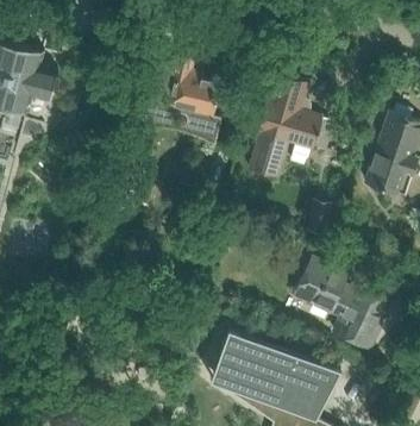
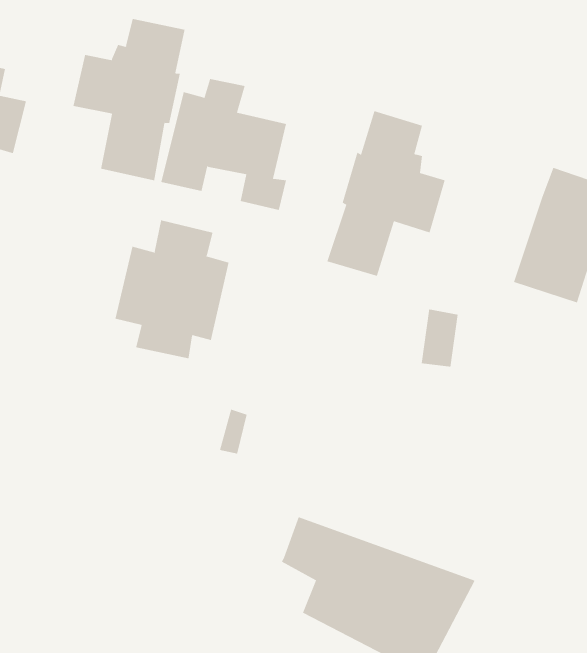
building: none -> [73,18,185,181]
building: none -> [115,219,229,359]
building: [293,257,393,349] -> none

